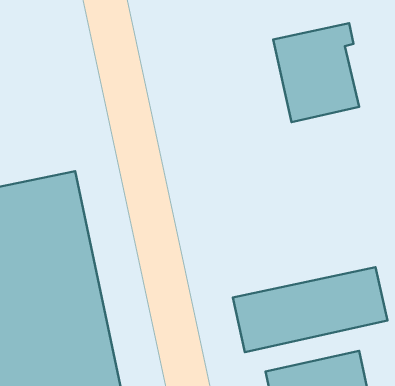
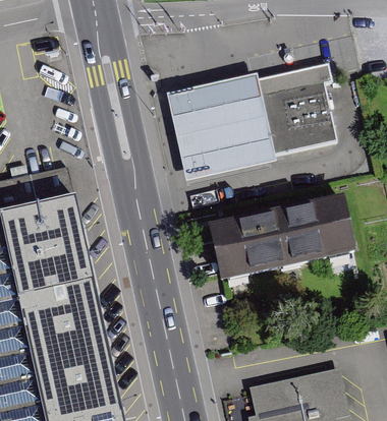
building: none -> [166,67,278,177]
building: [233,267,387,352] -> [212,193,356,273]

